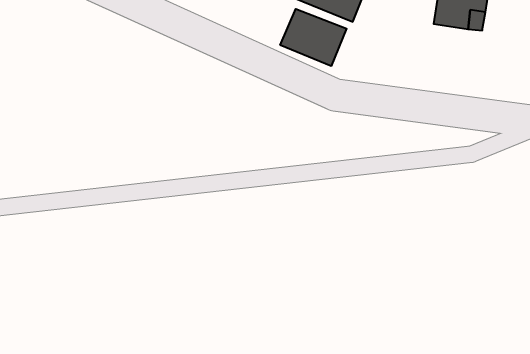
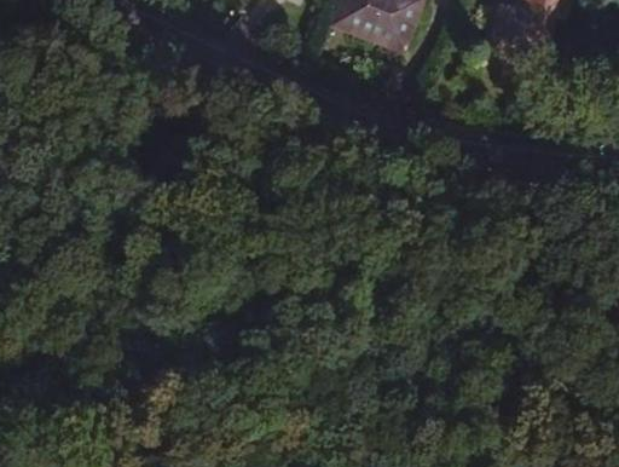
building: [280,9,347,66] -> none

